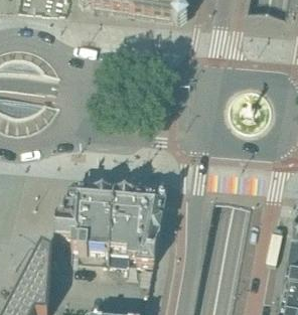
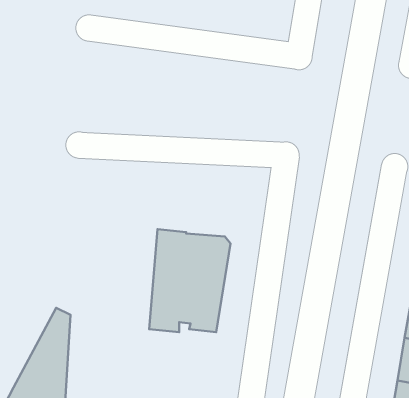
building: [54,183,113,257] -> none

